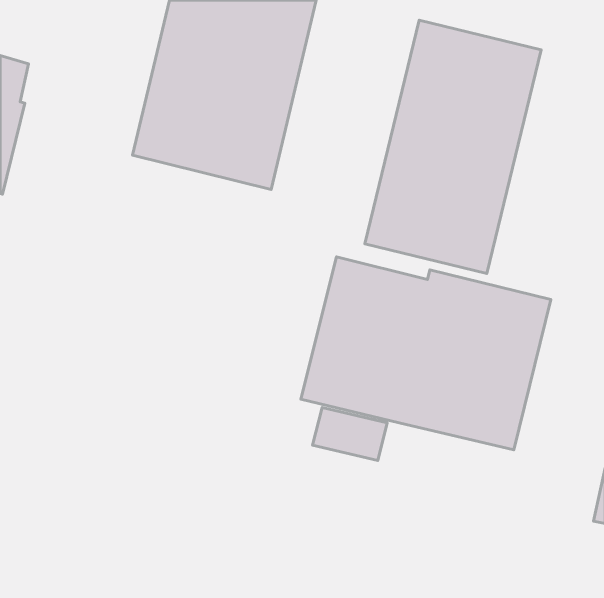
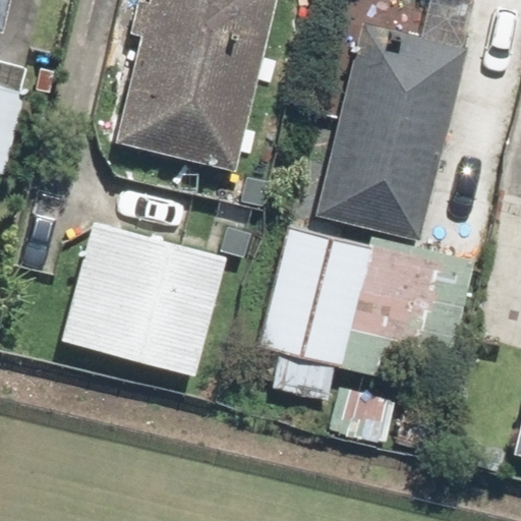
building: none -> [61,224,224,374]

